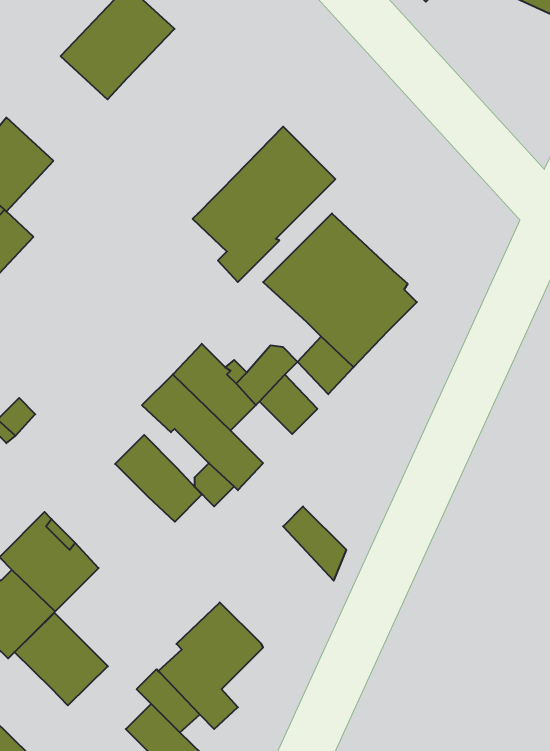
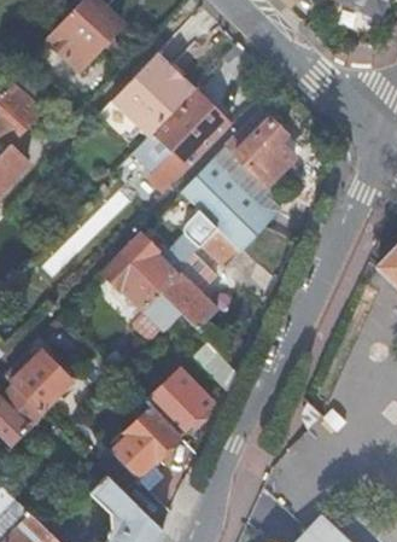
building: none -> [111,54,194,136]
building: none -> [227,112,305,186]
building: [115,435,202,522] -> [159,273,217,331]
building: none -> [147,369,212,435]
building: [14,613,108,705] -> none

